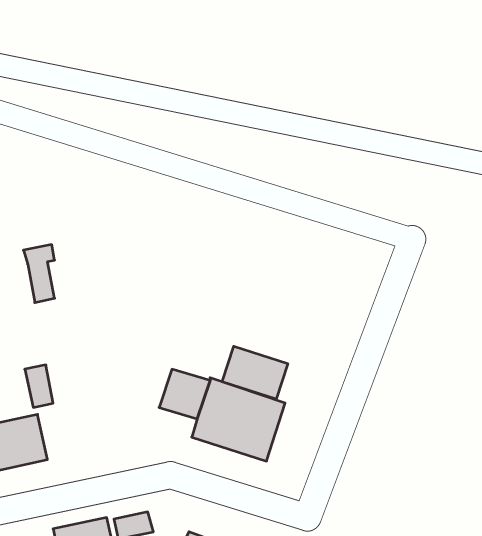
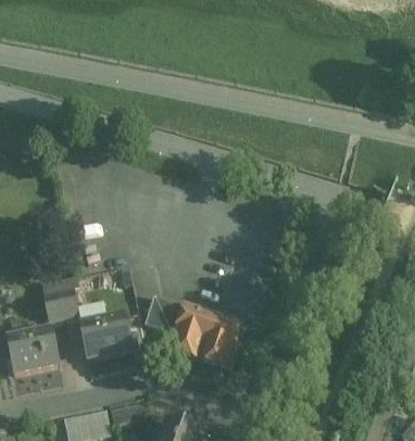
building: [23,245,55,303] -> [55,277,79,322]
building: [222,346,288,399] -> none
building: none -> [79,315,133,360]

